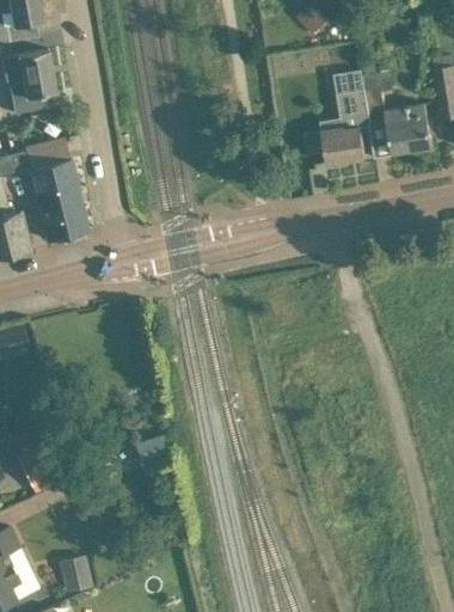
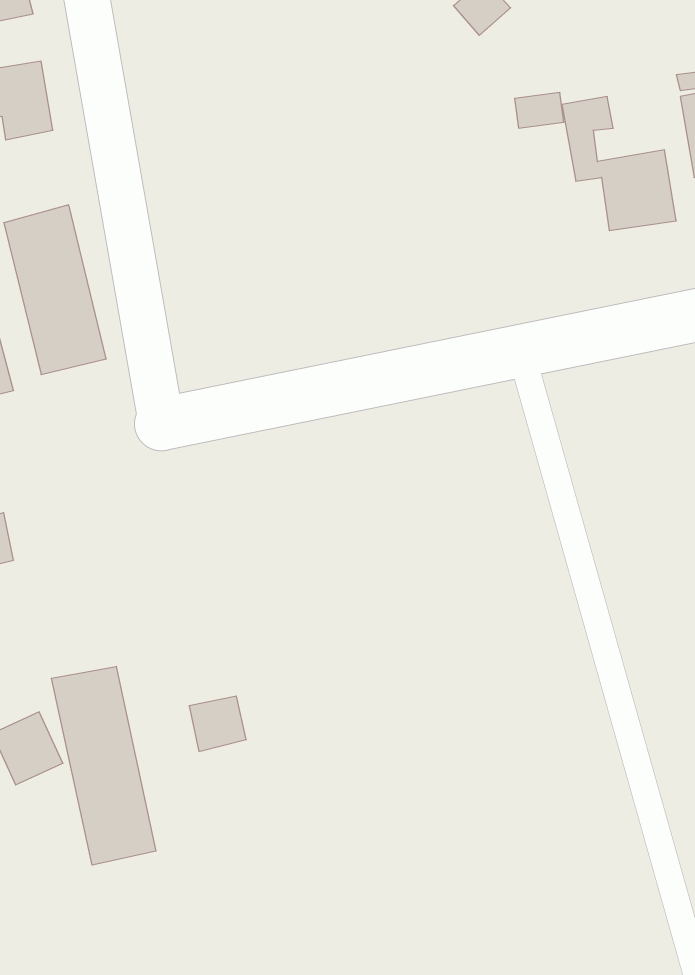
building: [319,90,370,164] -> none
building: none -> [51,666,156,865]
building: [59,557,91,593] -> none

